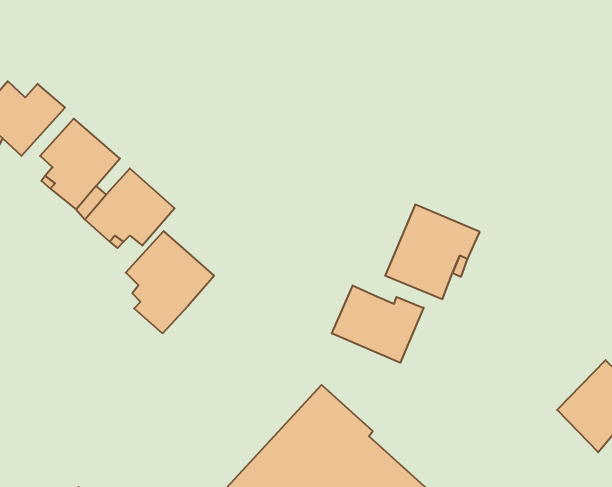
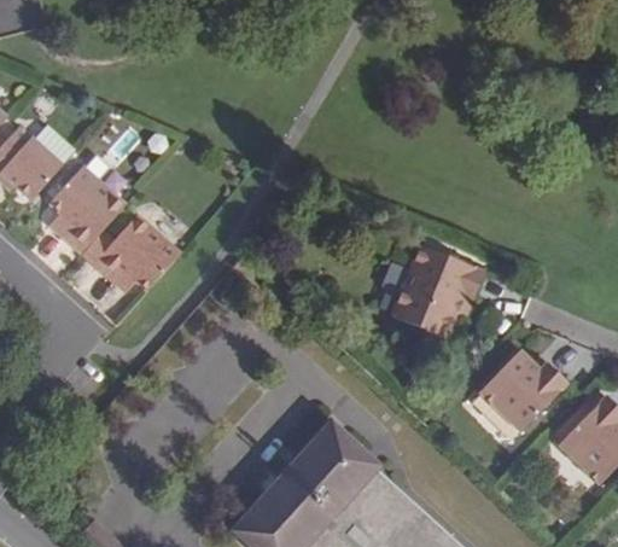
building: [126,231,214,333] -> none
building: [332,285,424,363] -> none
building: none -> [473,351,562,433]

